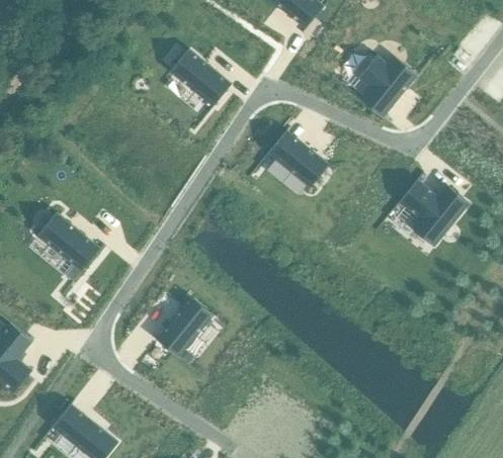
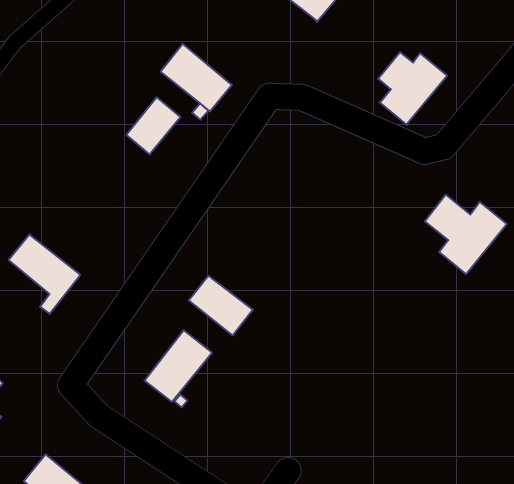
building: none -> [127,97,180,154]
building: [265,130,328,188] -> none
building: none -> [189,276,253,335]

